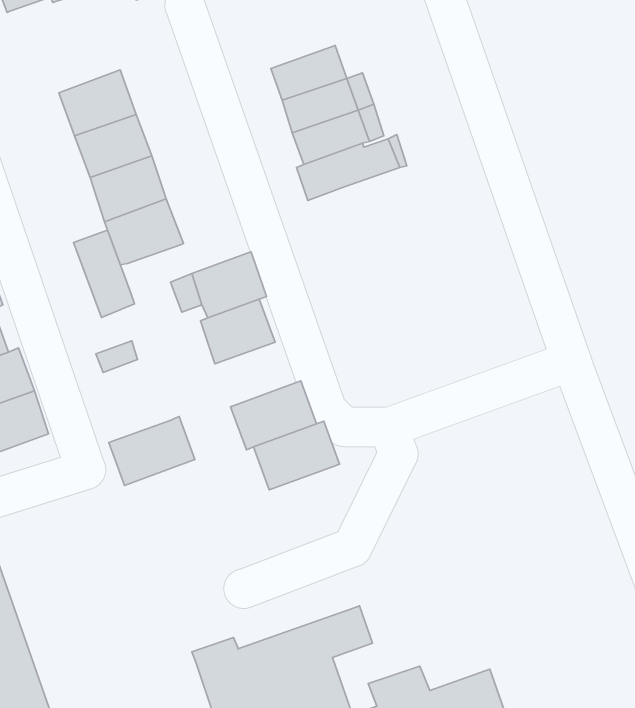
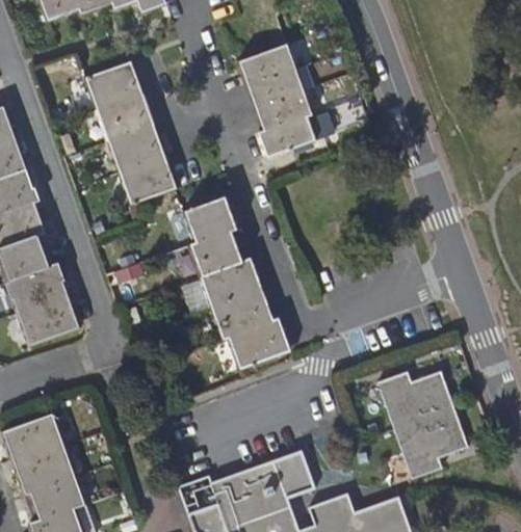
building: [74,230,134,317] -> none
building: [109,417,195,485] -> [199,257,261,307]
building: none -> [379,370,468,478]

